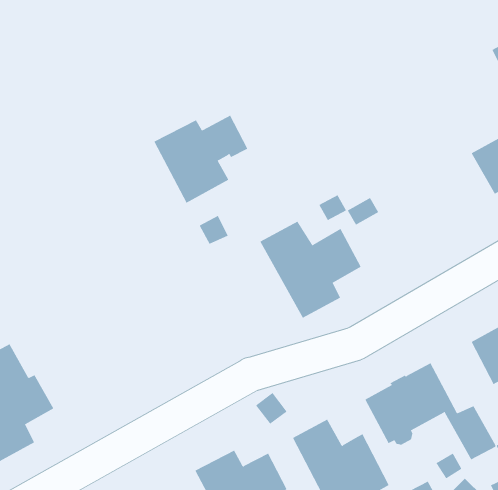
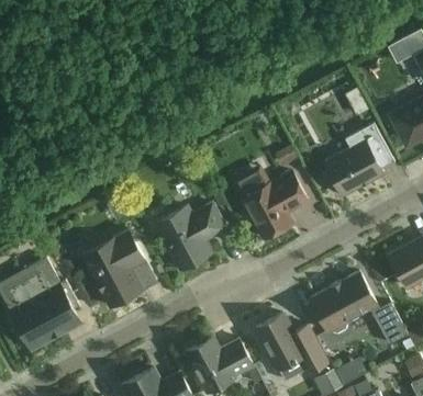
building: [154,115,248,203] -> [155,203,225,269]
building: none -> [324,123,394,195]
building: none -> [81,229,145,306]

